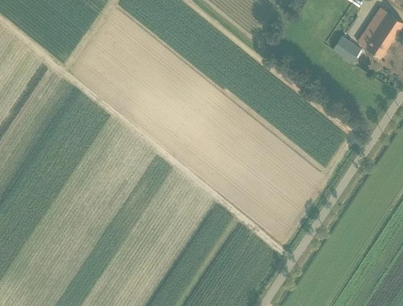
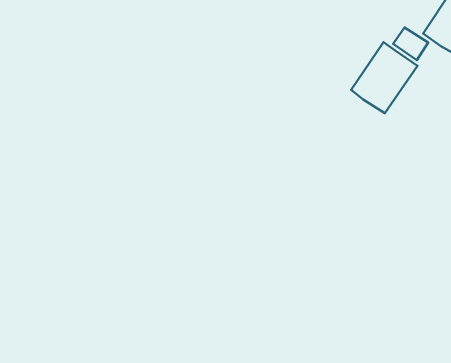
building: none -> [351,42,417,113]

